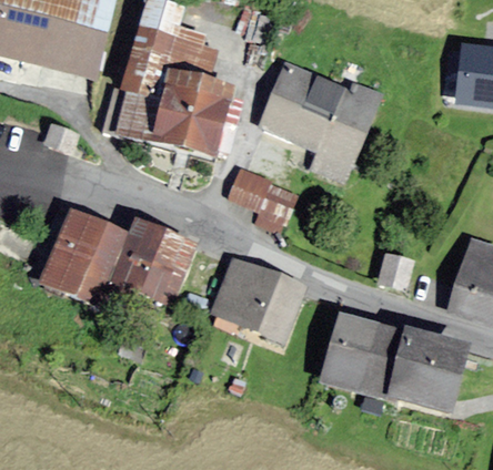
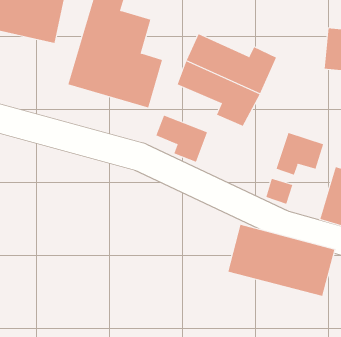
building: none -> [276,132,324,175]
building: [39,208,200,311] -> none
building: [209,257,303,339] -> none

